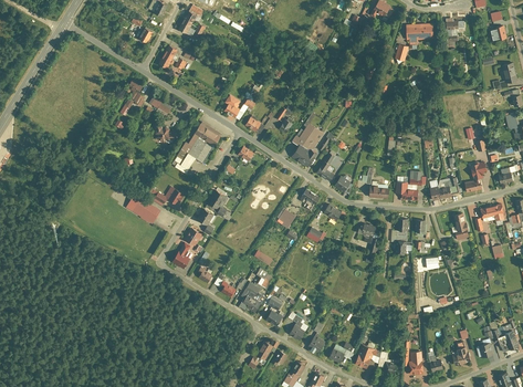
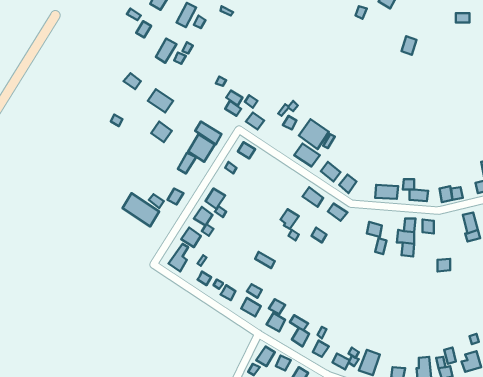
building: [406,23,433,41] -> none

